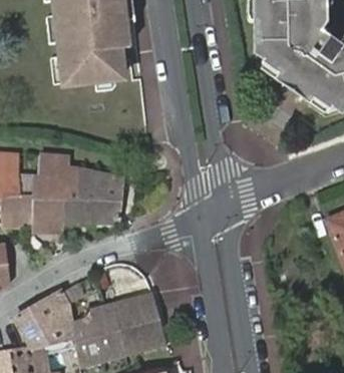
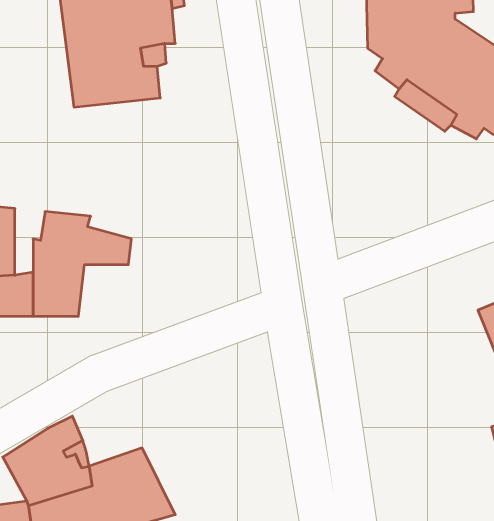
building: [63,173,121,225] -> none
building: [102,294,167,356] -> none

